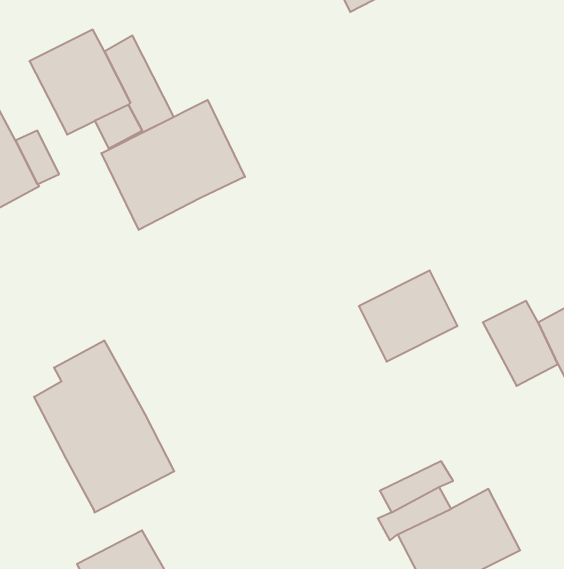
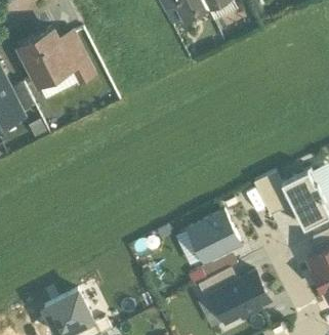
building: [101,100,245,230] -> none
building: [359,271,458,362] -> [188,213,239,260]
building: [34,340,174,513] -> none

